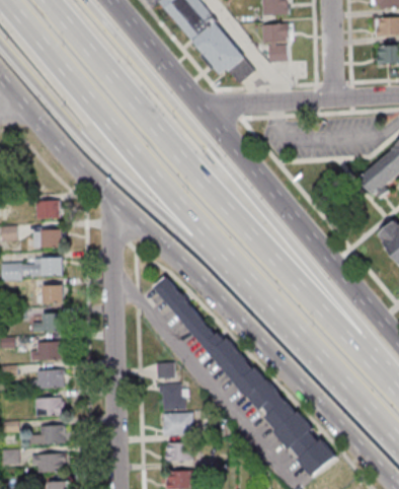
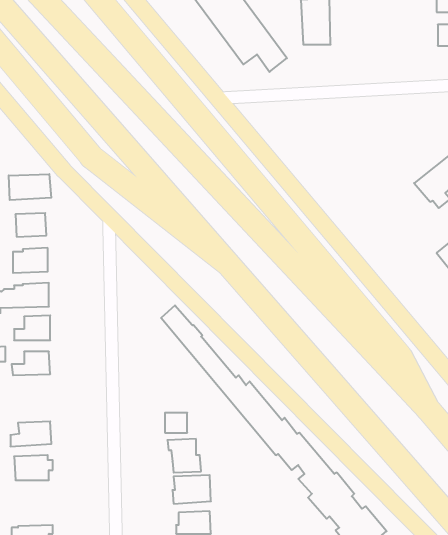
building: none -> [9,174,51,200]
building: [30,341,64,361] -> none
building: [28,425,65,444] -> none

